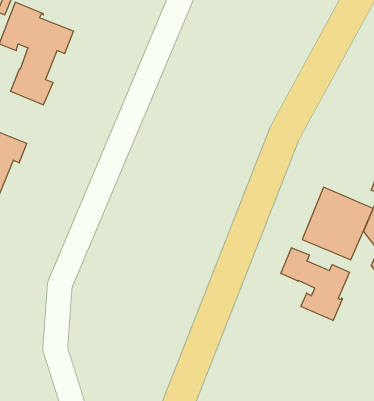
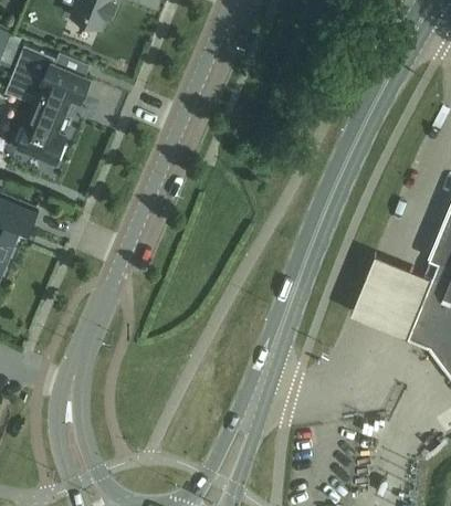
building: [281,248,349,321] -> none

